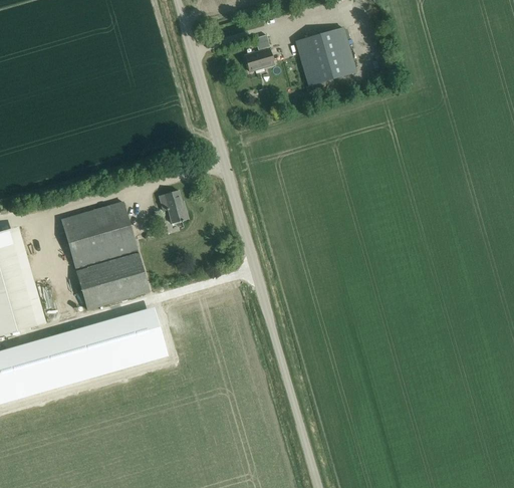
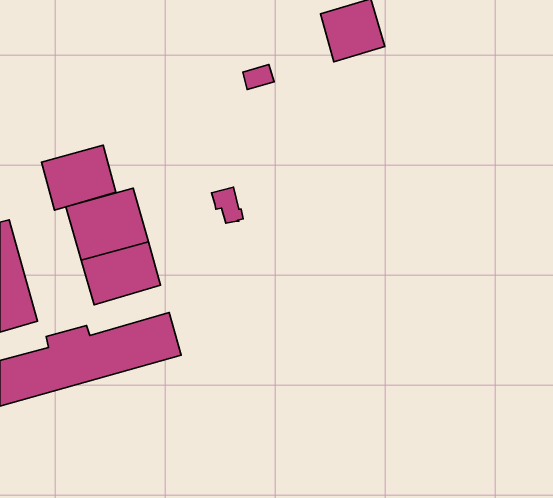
building: [245,47,274,70] -> [243,64,274,90]
building: none -> [41,145,116,210]
building: [159,189,188,222] -> [212,187,243,223]

